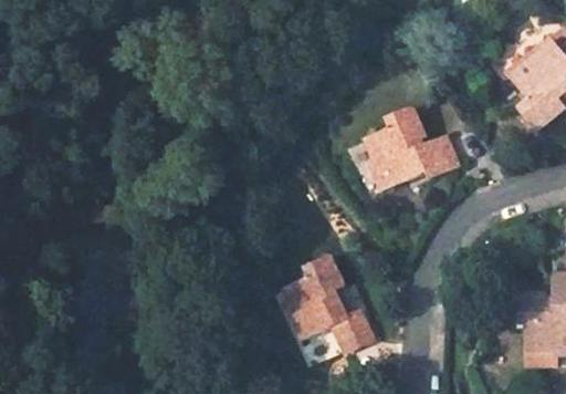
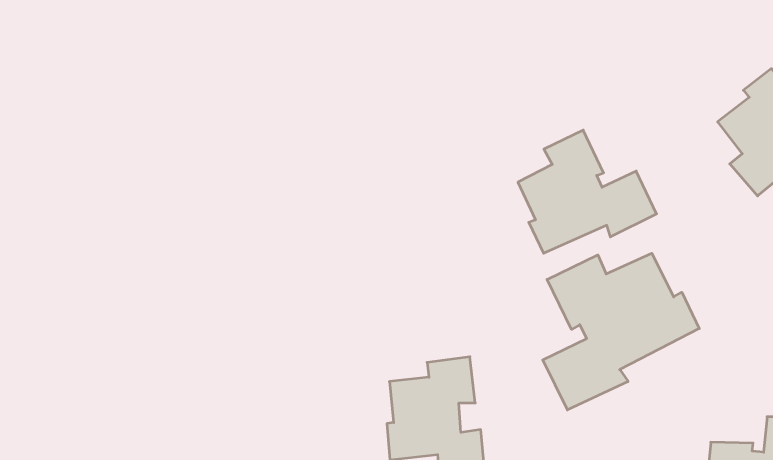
building: none -> [543,253,699,410]

